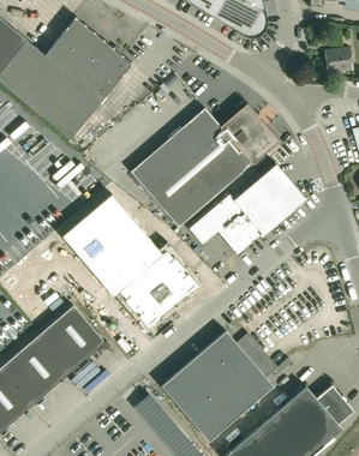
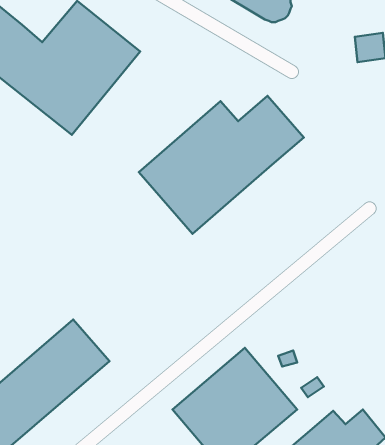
building: [189,163,303,254] -> none
building: [62,192,196,324] -> none

